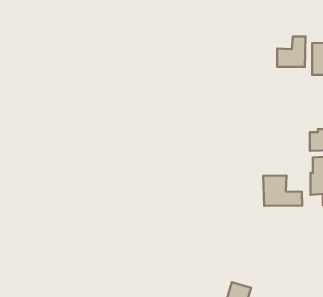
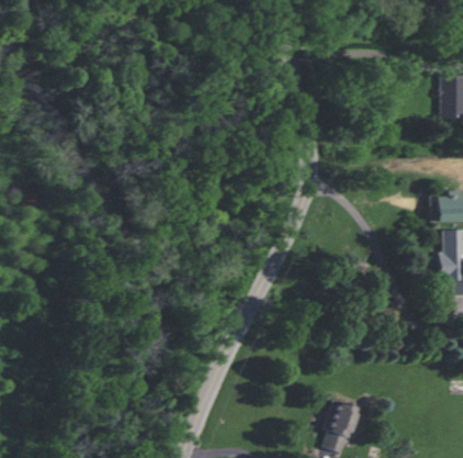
building: [277,37,305,67] -> none
building: [263,175,302,206] -> none

